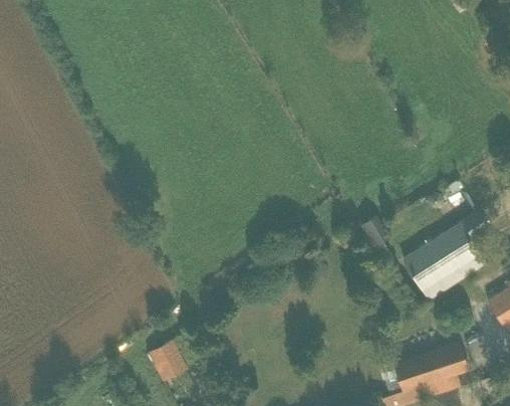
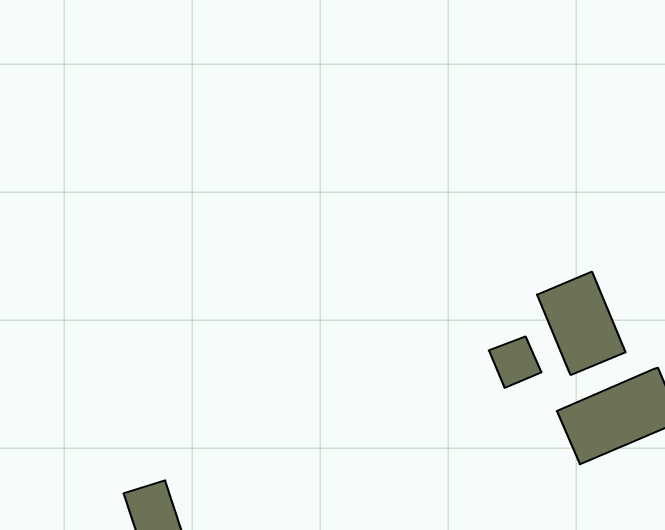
building: none -> [537,272,626,375]

